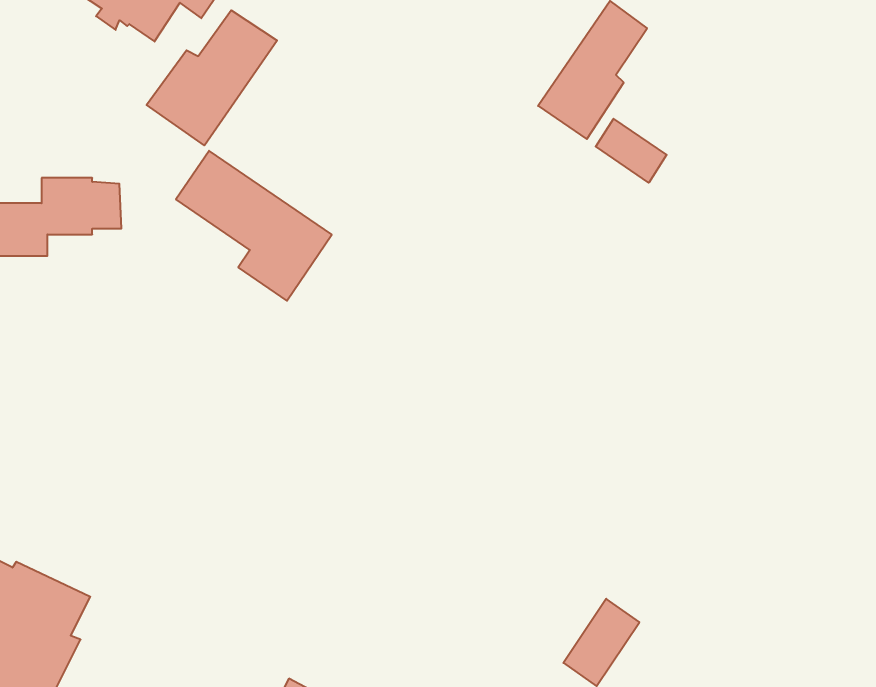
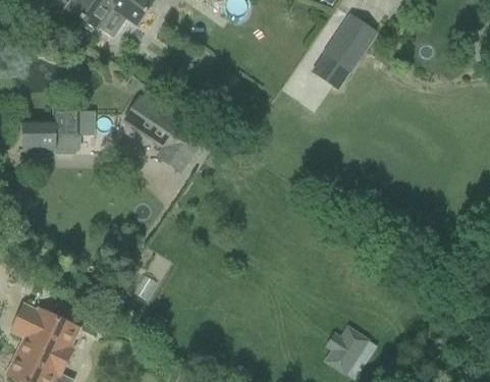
building: [147,10,277,145] -> none
building: [596,119,667,183] -> none

